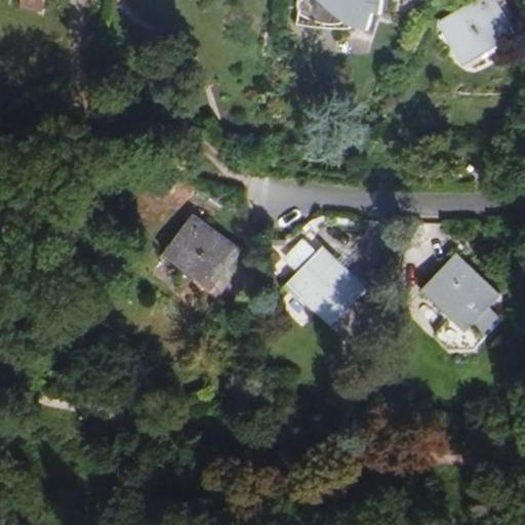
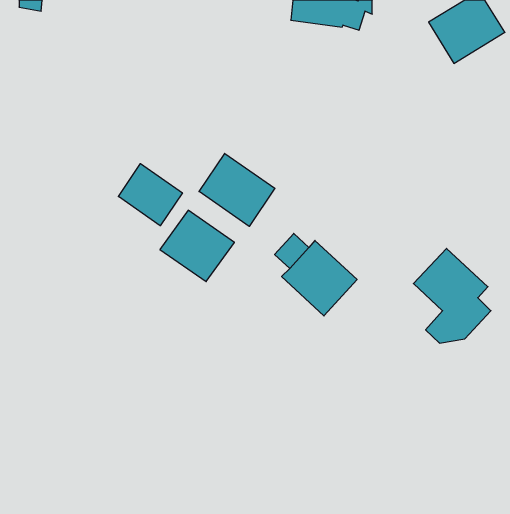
building: none -> [199,153,275,226]
building: none -> [118,164,182,226]

